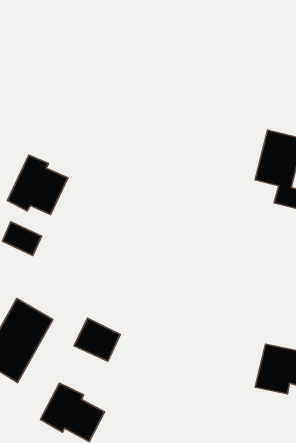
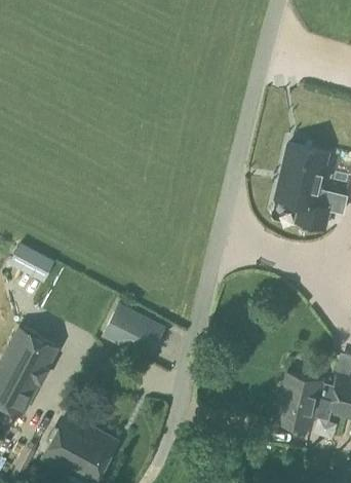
building: [8,155,68,215] -> none
building: [74,318,120,361] -> [104,306,153,352]

